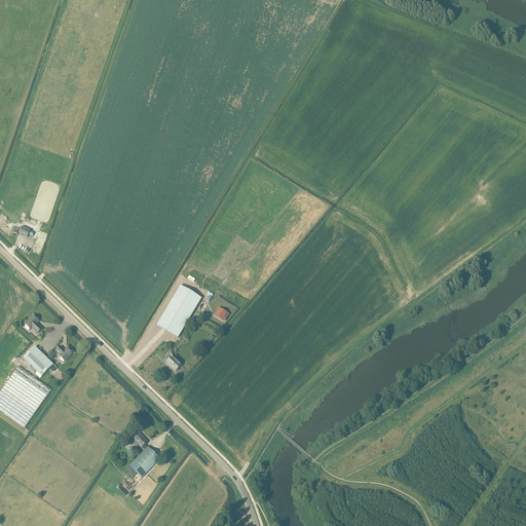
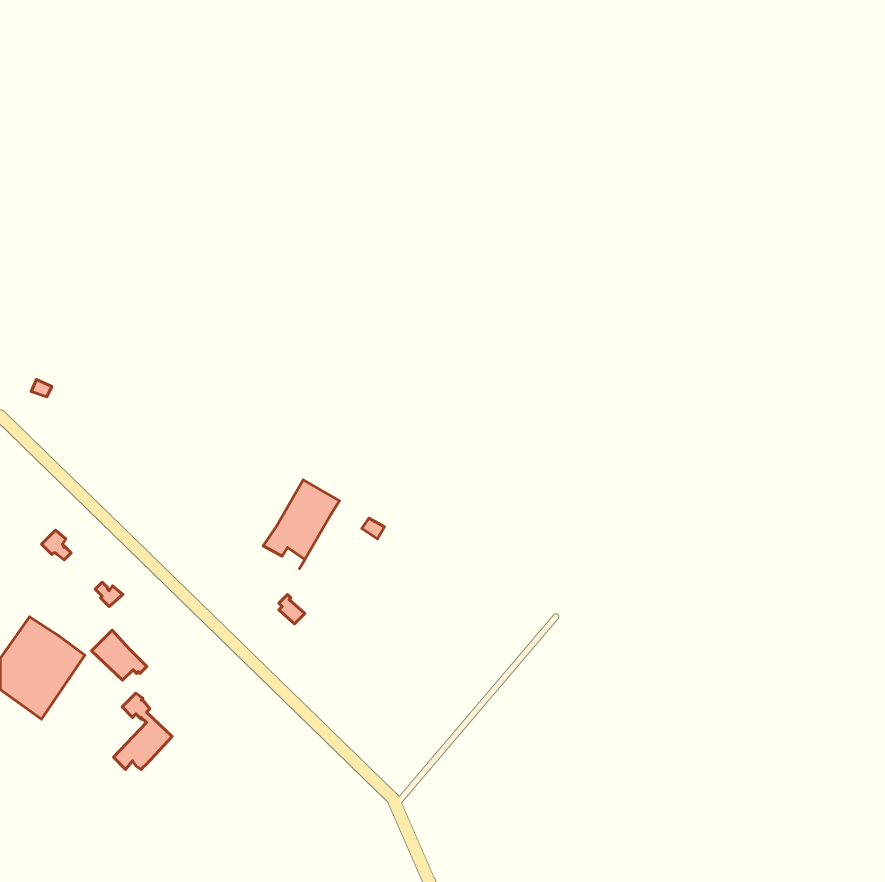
building: [24,345,57,375] -> [91,630,147,680]
building: [125,431,160,477] -> [113,693,172,769]

